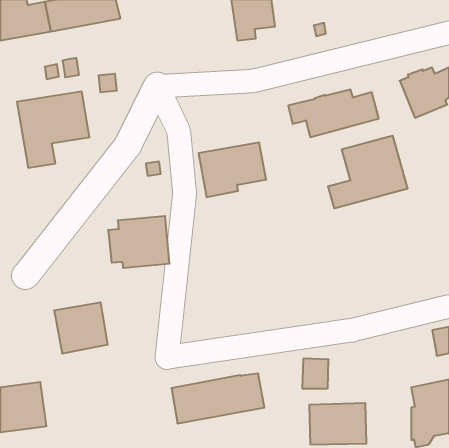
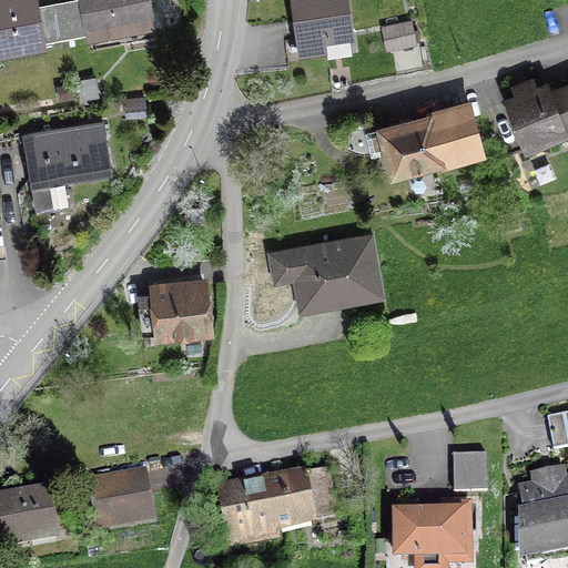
building: [328,136,408,208] -> none
building: [199,143,266,197] -> [291,239,376,307]
building: [54,302,108,353] -> [88,466,155,530]
building: [302,359,329,388] -> [456,454,489,491]

